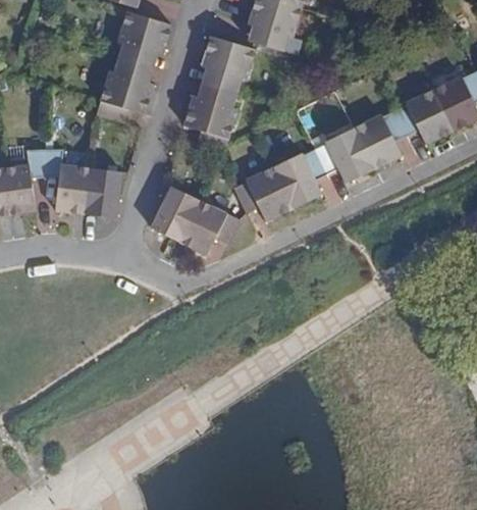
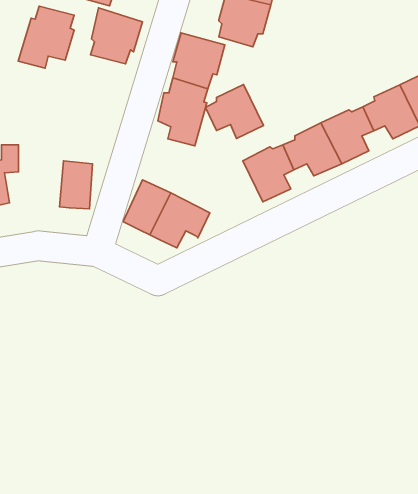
building: [96,58,153,121] -> [18,6,74,68]
building: [44,149,90,213] -> none
building: [233,166,293,221] -> [205,84,263,138]

